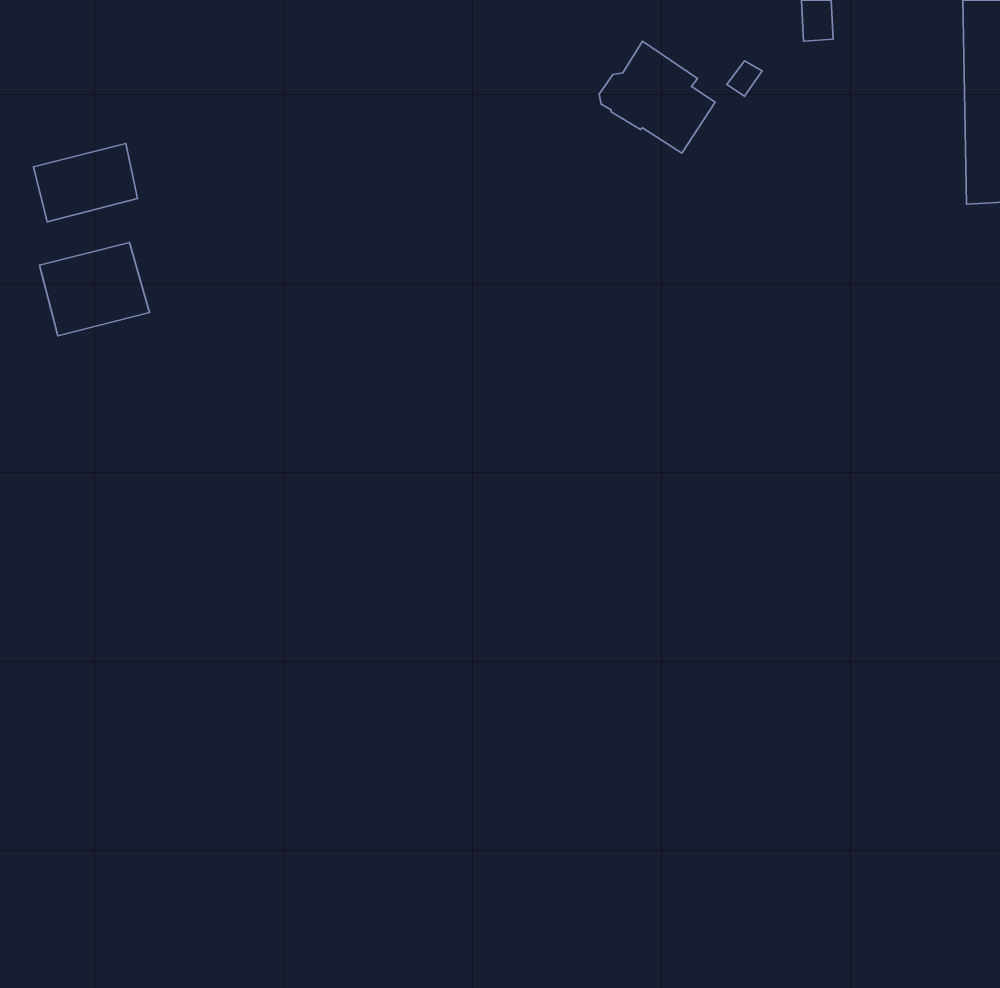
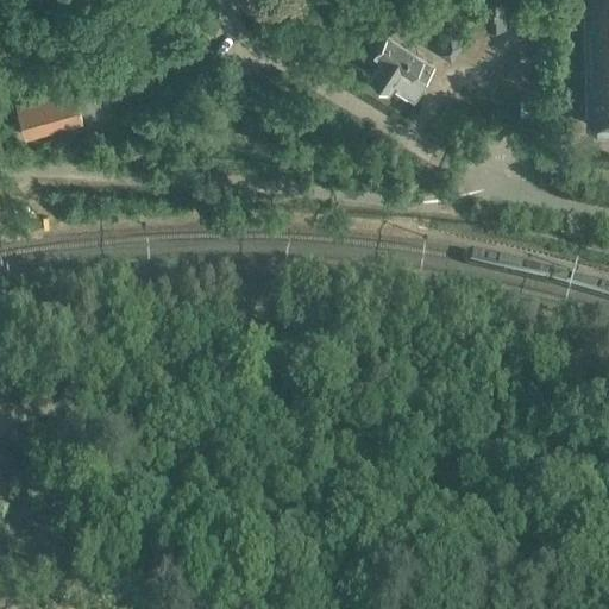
building: [39,243,150,336] -> none

